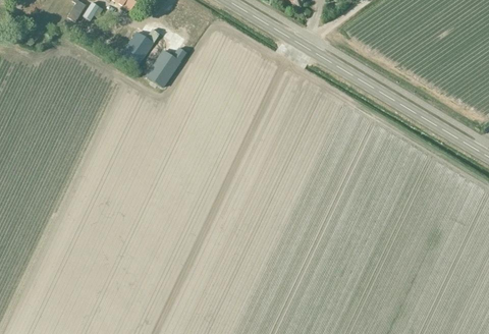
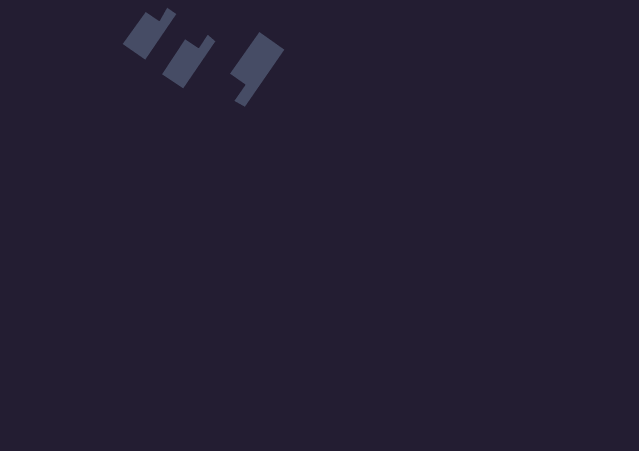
building: none -> [229,31,285,108]

